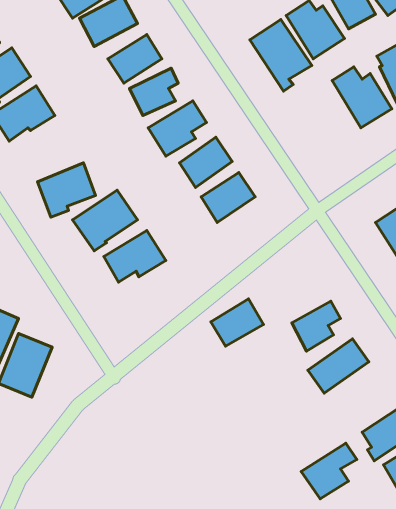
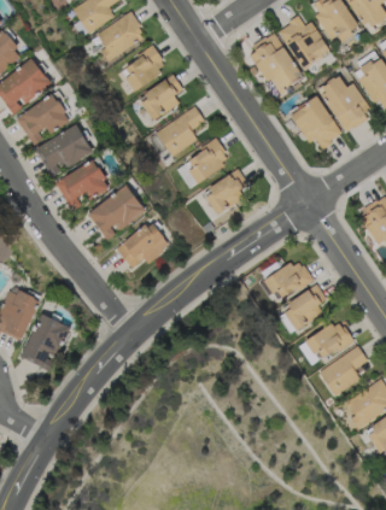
building: none -> [290,95,343,148]
building: none -> [36,125,93,175]
building: [211,299,264,346] -> [267,258,314,300]
building: [301,443,357,499] -> [318,346,368,395]

